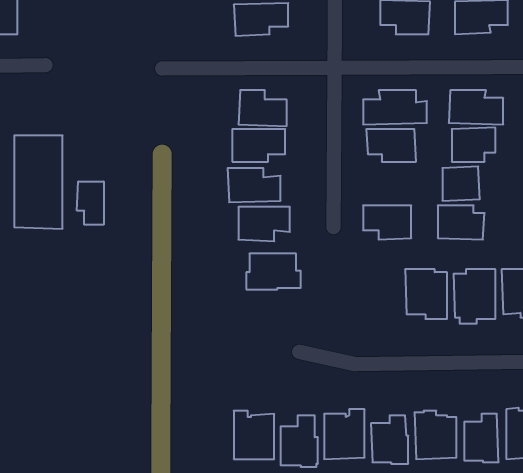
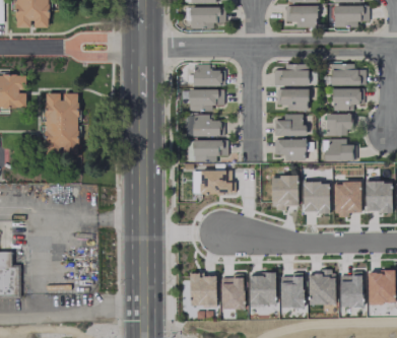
building: none -> [274,114,305,136]
building: [77,181,104,225] -> none
building: none -> [270,175,297,210]

